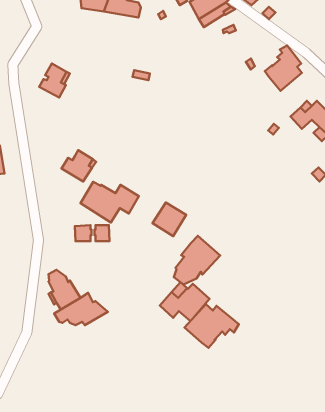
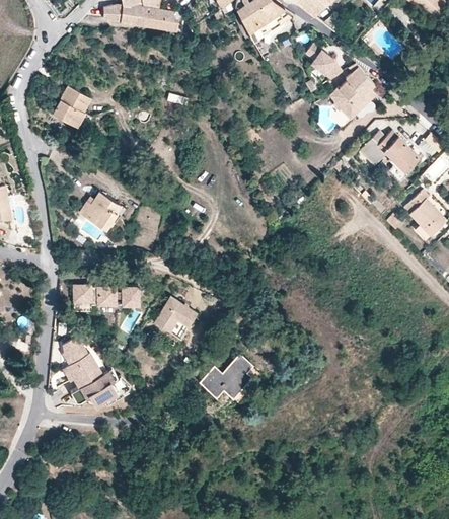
building: none -> [305,46,343,79]
building: [80,182,139,222] -> none
building: [152,202,186,236] -> [153,297,195,339]
building: none -> [72,284,96,311]
building: [174,236,220,284] -> none
building: [185,304,239,348] -> none

